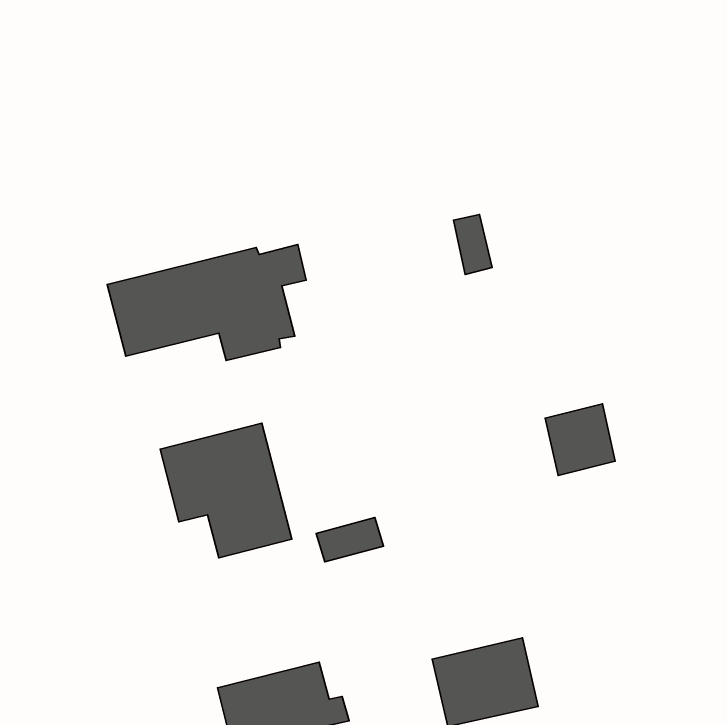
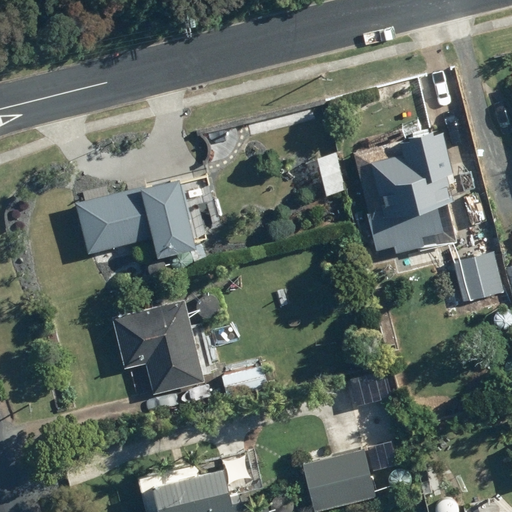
building: none -> [352,129,457,254]
building: [545,404,615,475] -> [453,252,502,302]

